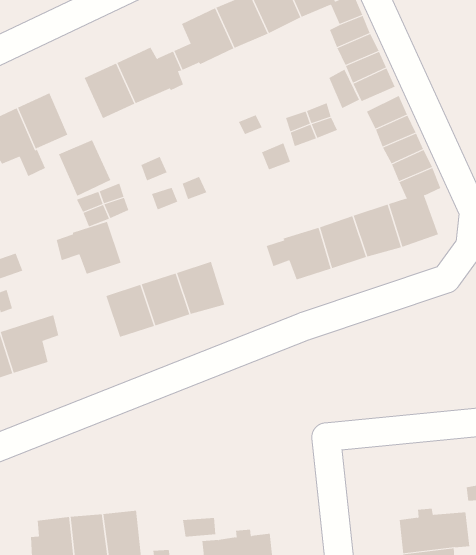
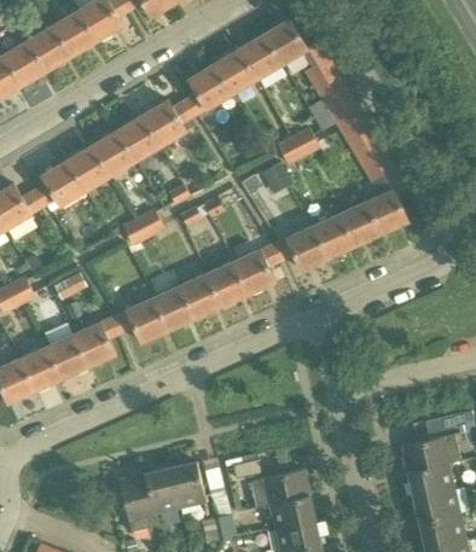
building: [58,139,111,196] -> [92,130,135,176]
building: [56,221,121,274] -> [115,298,168,342]
building: none -> [233,245,281,295]

